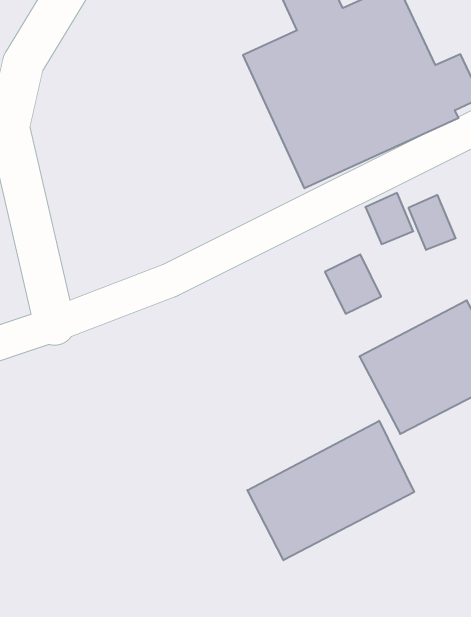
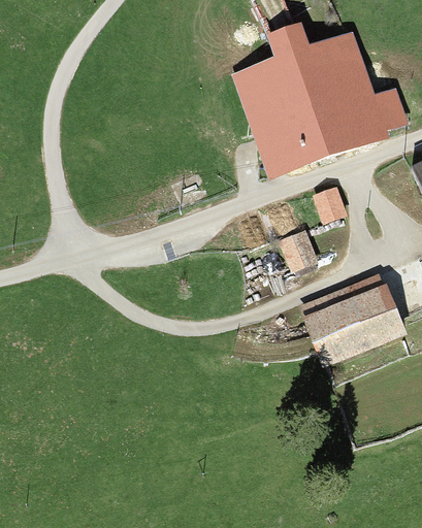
building: [409,195,456,250] -> none
building: [247,421,414,560] -> none

